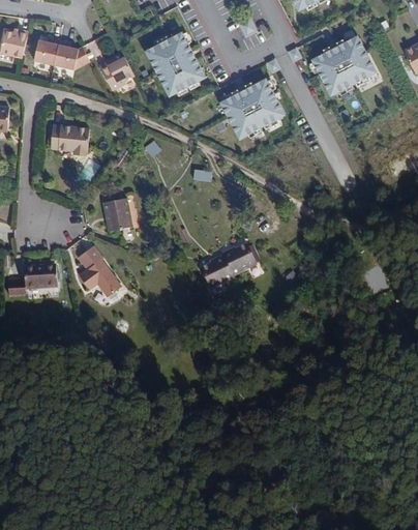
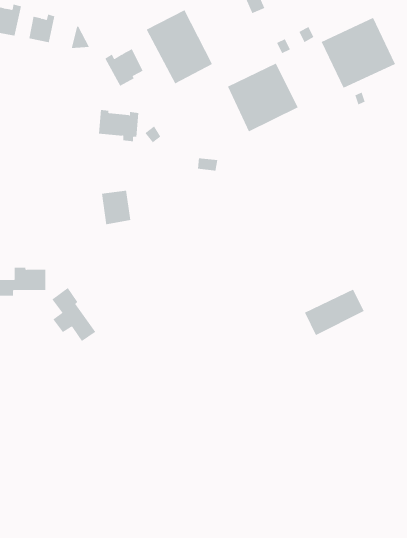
building: [56,36,81,66] -> none
building: [50,124,88,154] -> [98,109,139,142]
building: [202,242,258,286] -> [304,289,365,336]
building: [77,246,118,297] -> [51,287,96,342]

